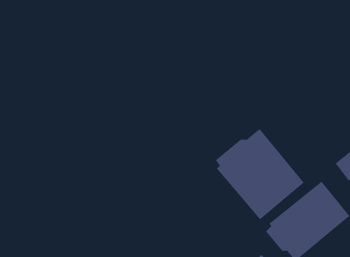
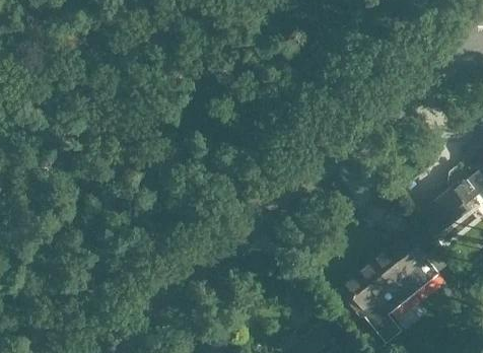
building: [215,128,304,220] -> none

